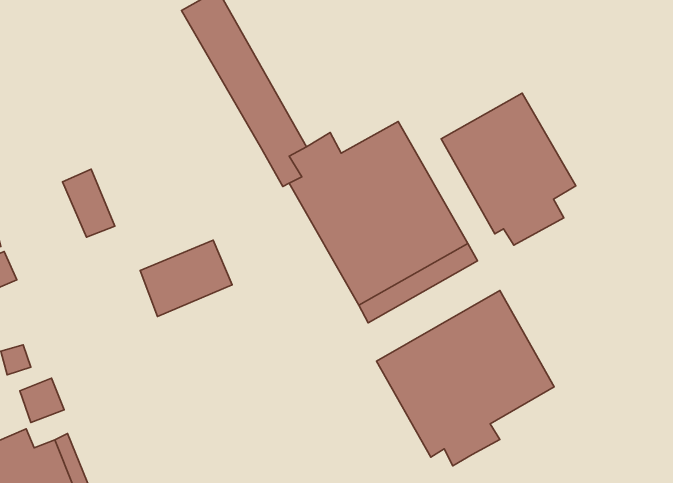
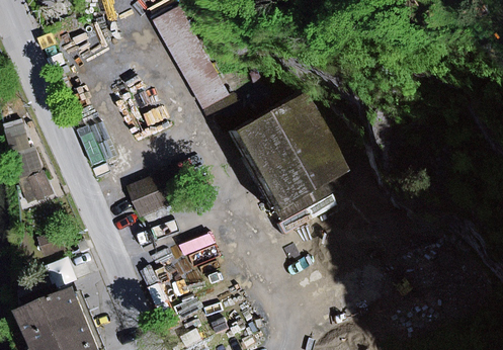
building: [441,93,576,245] -> none
building: [376,291,554,466] -> none

